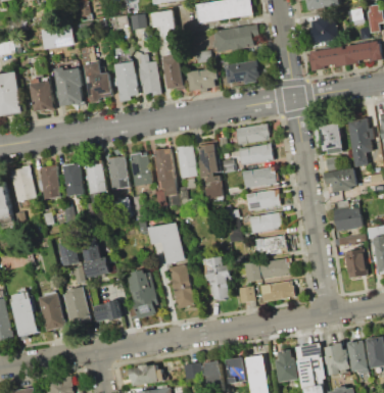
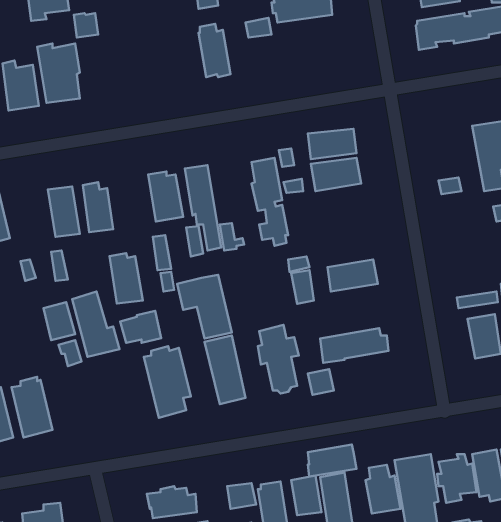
building: [139,53,161,94] -> none
building: [226,59,260,84] -> none
building: [114,60,138,101] -> none
building: [85,61,112,103] -> none
building: [187,66,219,93] -> none
building: [319,124,343,153] -> none
building: [177,145,198,179] -> none
building: [107,155,130,189] -> [109,253,143,303]
building: [40,164,61,199] -> none
building: [243,166,277,188] -> none
building: [324,167,356,193] -> none
building: [246,189,280,210] -> none
building: [333,201,363,231] -> none
building: [253,235,287,256] -> none
building: [261,280,294,301] -> [308,445,356,477]
building: [62,286,90,324] -> none
building: [95,299,123,321] -> [120,311,161,343]

